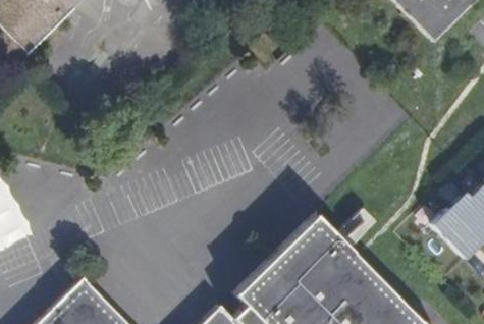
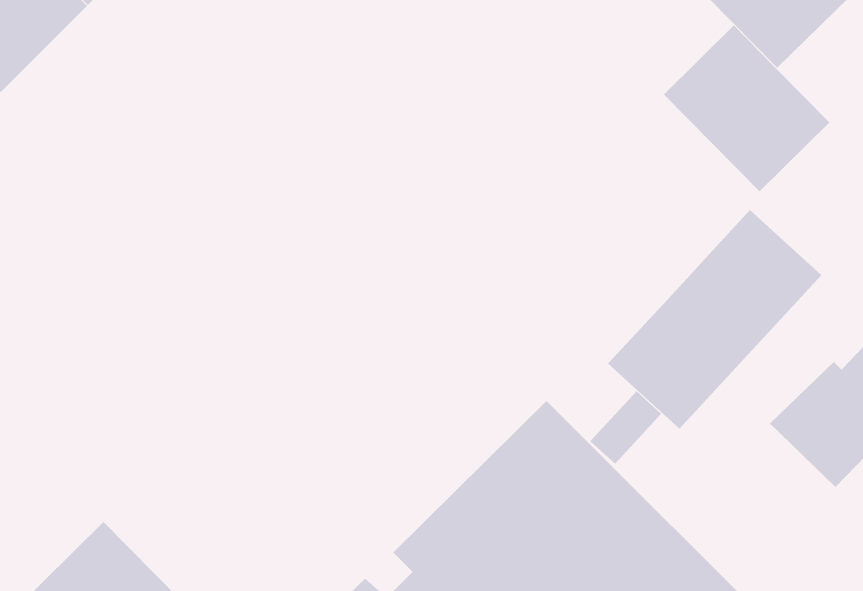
building: none -> [663,24,830,192]
building: none -> [607,209,822,430]

